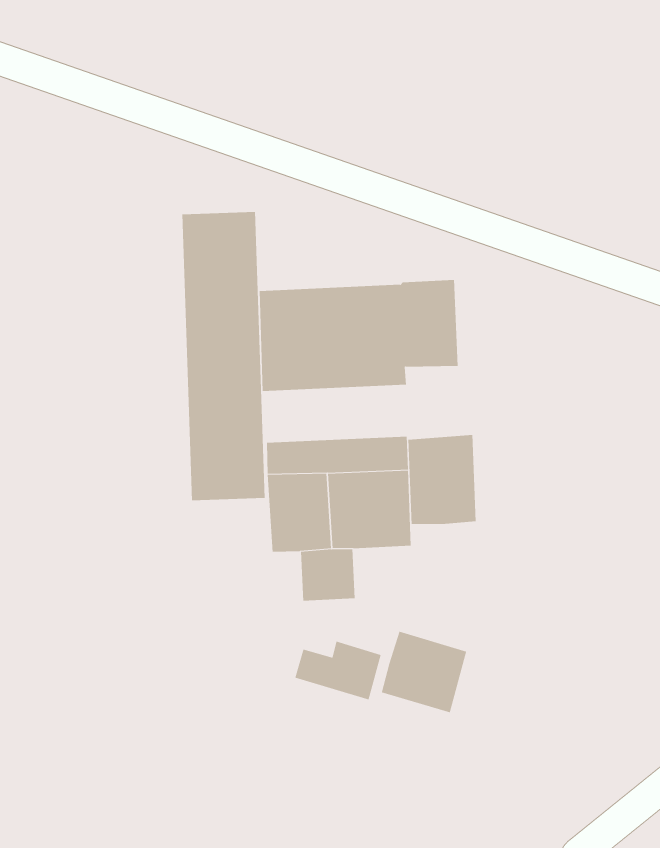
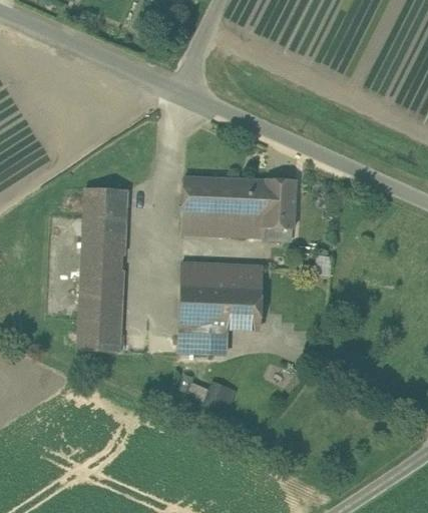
building: [181,211,265,501] -> [78,187,128,352]
building: [408,434,476,525] -> none
building: [381,631,467,713] -> none

